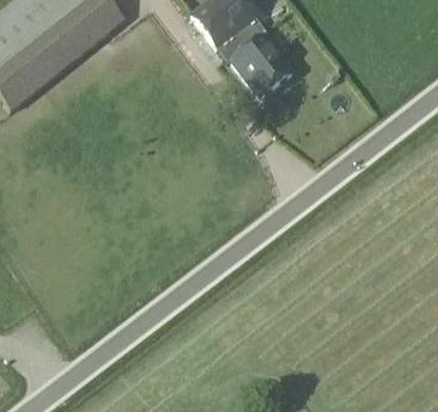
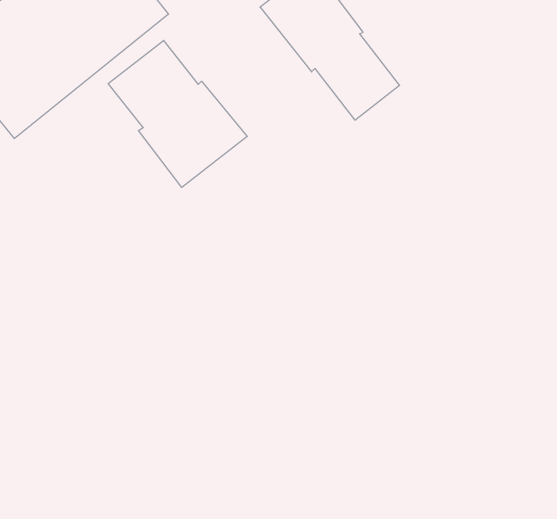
building: none -> [108,40,247,187]

